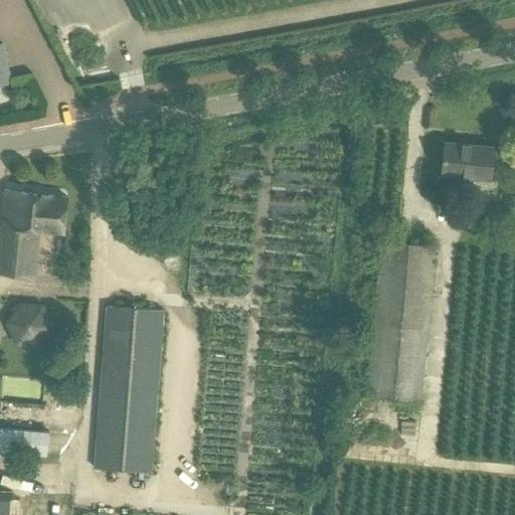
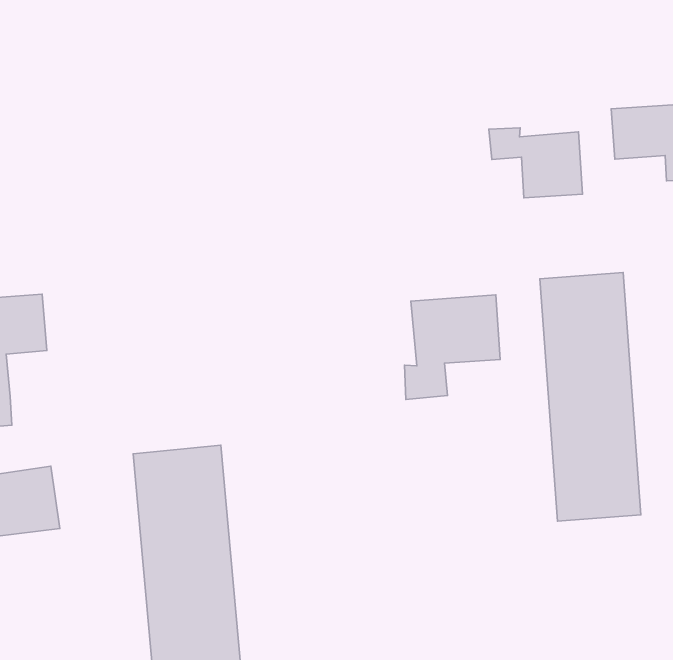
building: none -> [489,128,583,198]
building: none -> [405,295,500,400]

